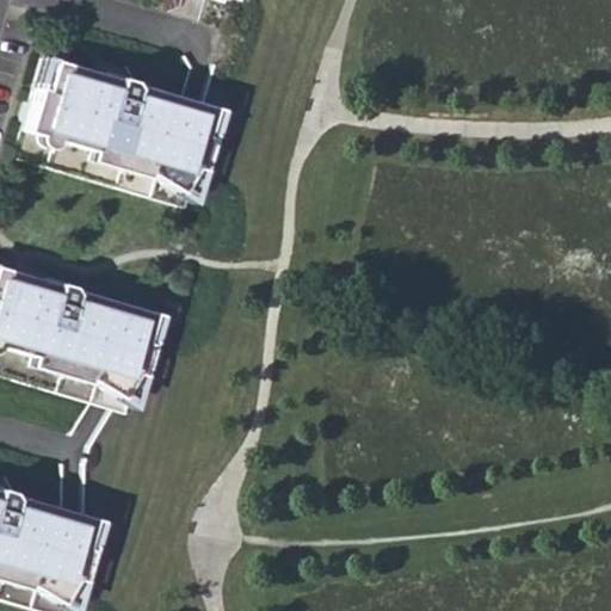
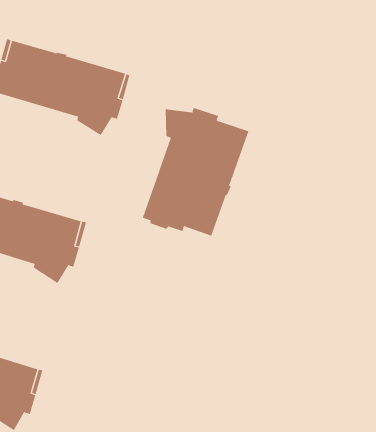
building: none -> [142,107,249,236]

